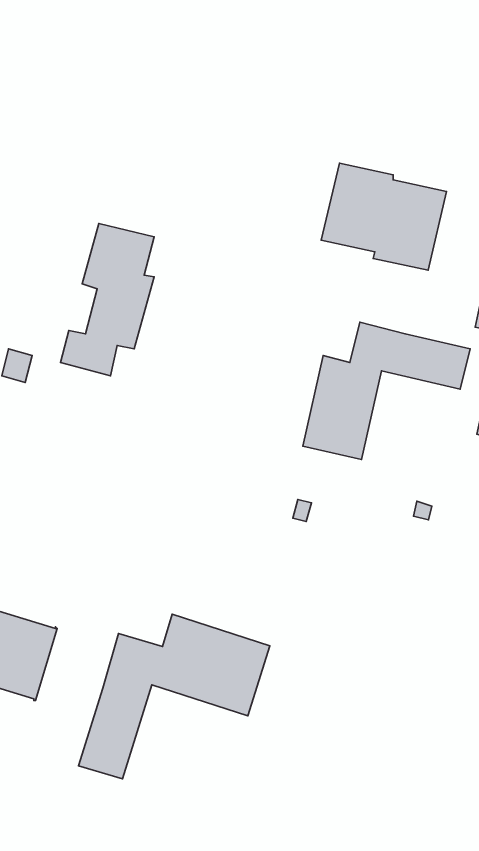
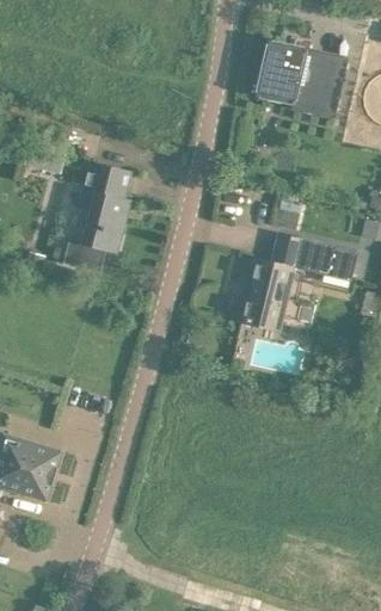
building: [321,163,447,270] -> [254,39,344,116]
building: [79,614,270,779] -> none

